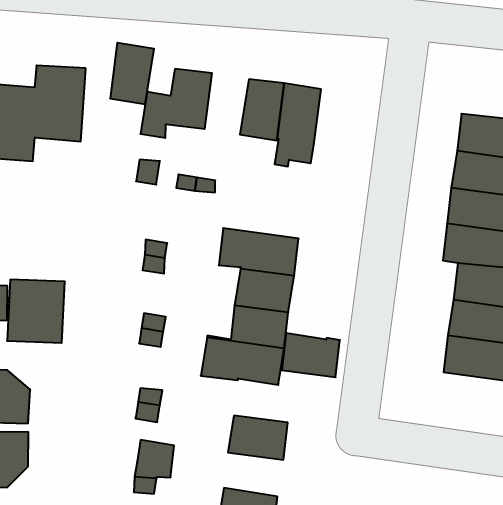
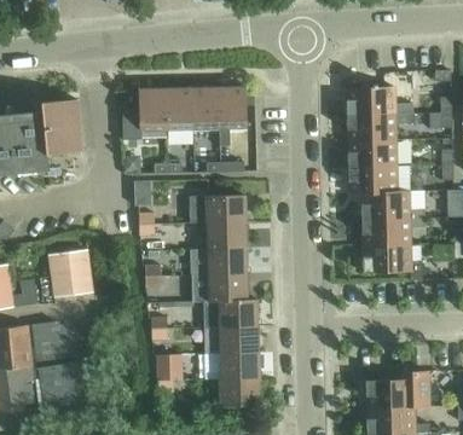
building: [110,43,154,104] -> [166,88,192,128]
building: [282,333,340,377] -> [219,298,259,326]
building: none -> [220,352,260,378]

